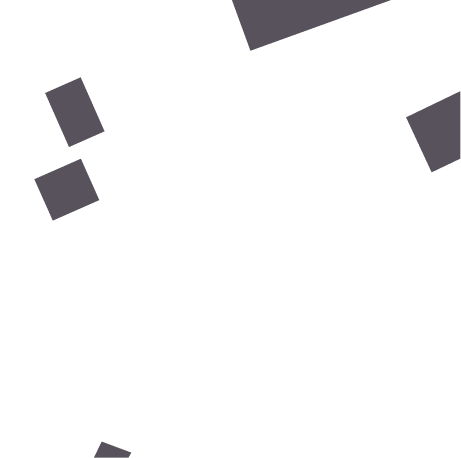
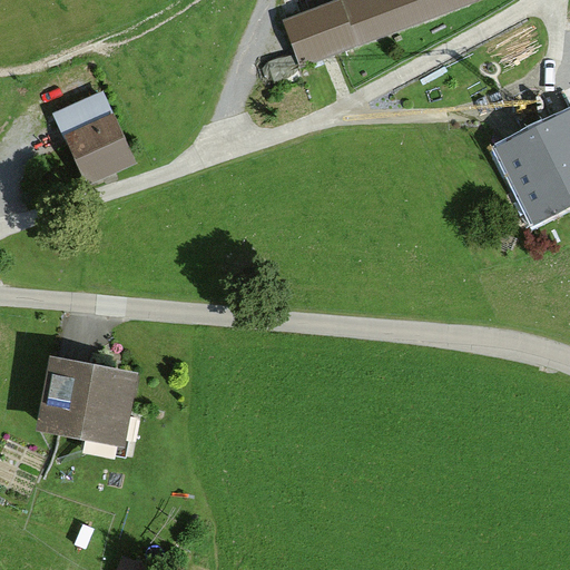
building: [34,158,100,221] -> none
building: none -> [38,357,135,442]

